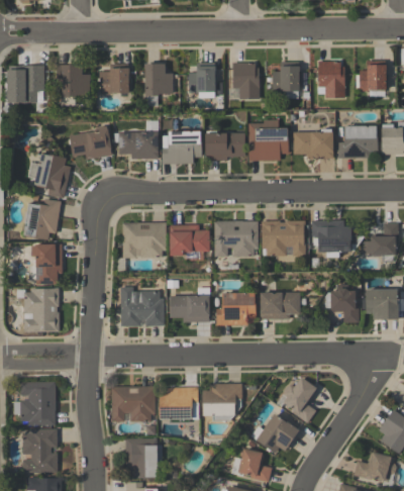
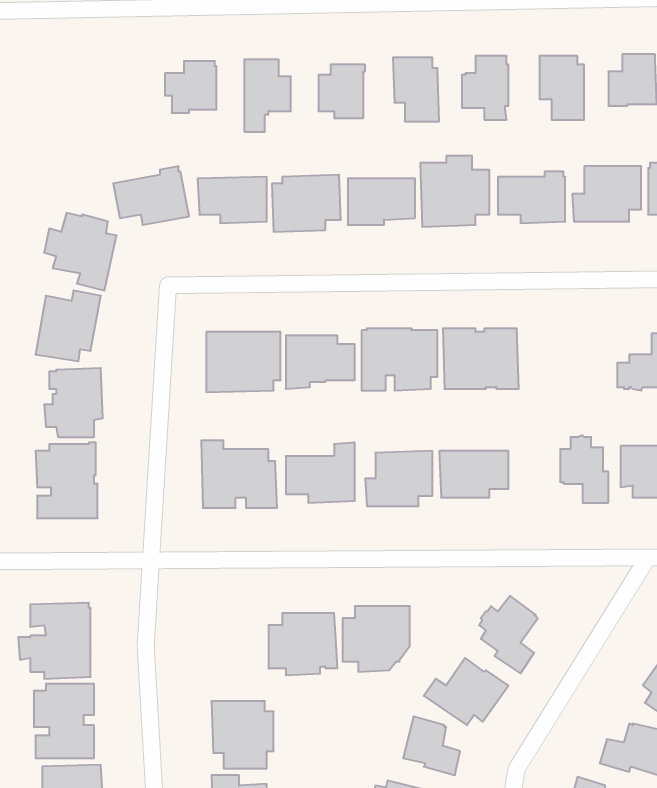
building: [57,64,91,104] -> none
building: [7,65,44,101] -> none
building: [312,220,365,257] -> none
building: [112,386,156,421] -> none

